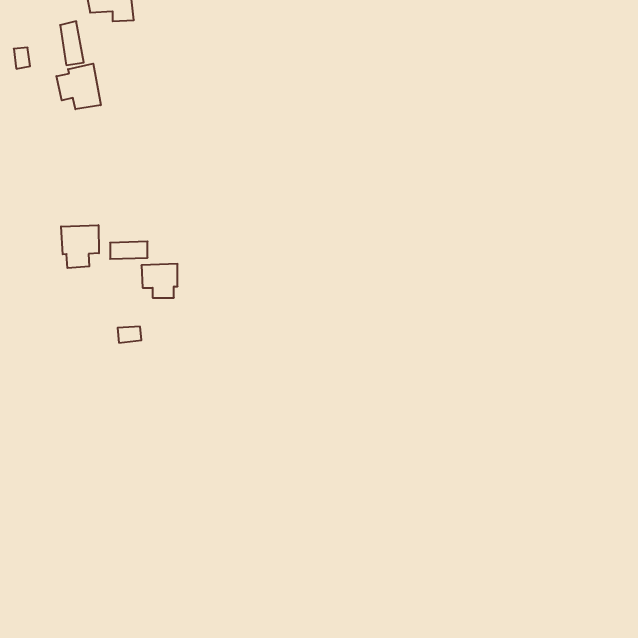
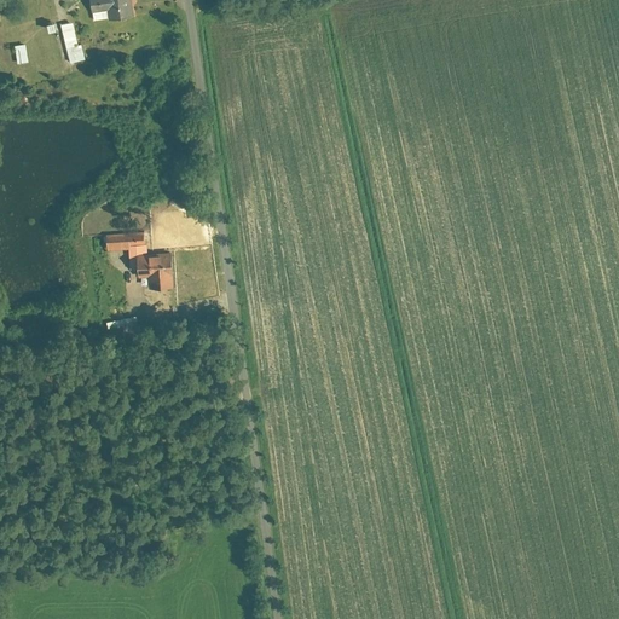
building: [56,64,101,109] -> none
building: [61,225,99,268] -> none

